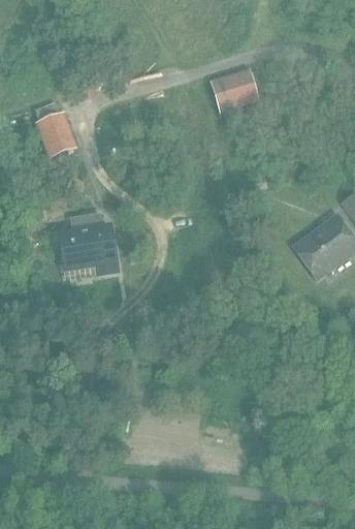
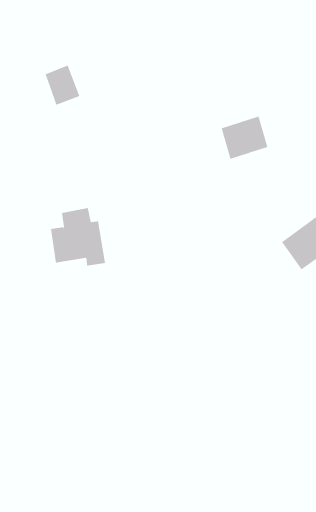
building: [212,69,260,114] -> [221,116,268,159]
building: [38,114,74,155] -> [45,65,80,105]

